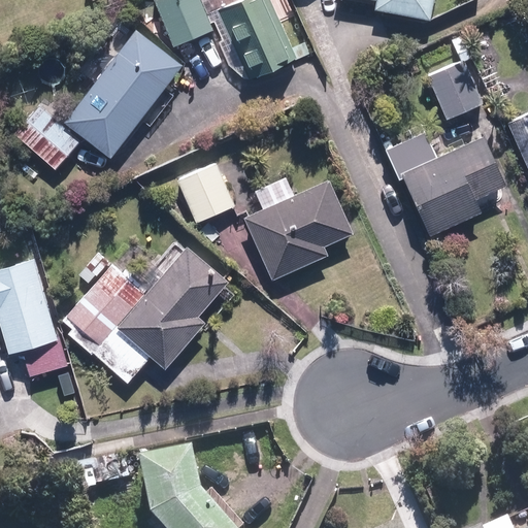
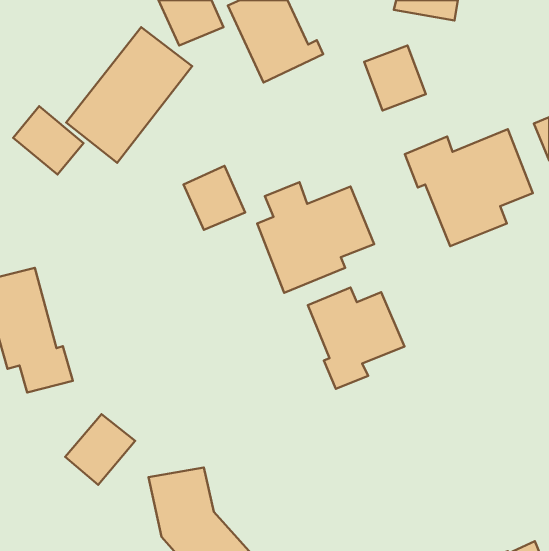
building: [425,60,484,122] -> [364,45,426,111]
building: [61,242,229,386] -> none
building: none -> [308,288,404,389]
building: none -> [65,414,135,485]

